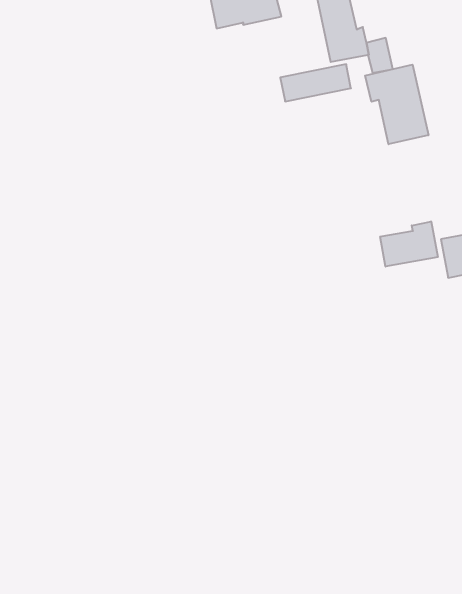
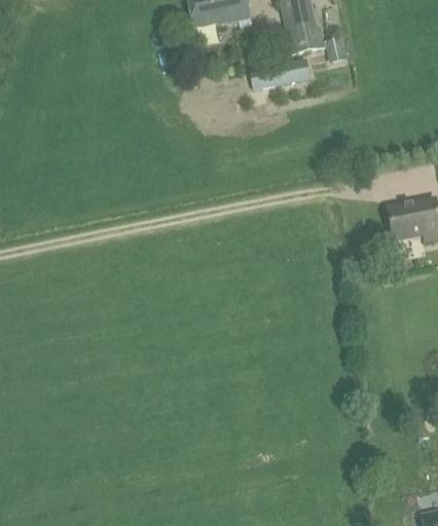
building: [365,65,428,144] -> none
building: [380,221,438,267] -> none

